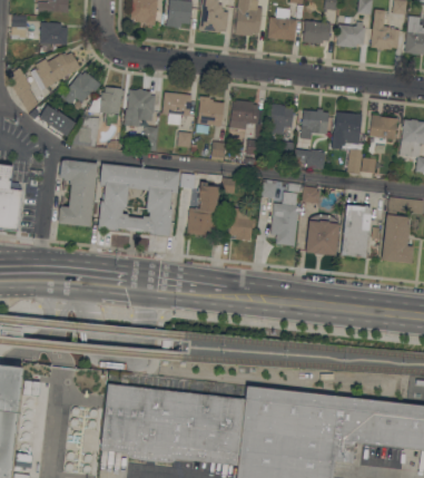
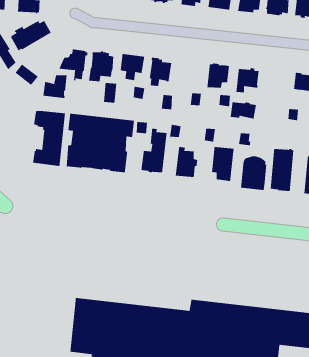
building: [61,71,101,104] -> none
building: [229,99,259,129] -> none
building: [332,111,364,174] -> none

